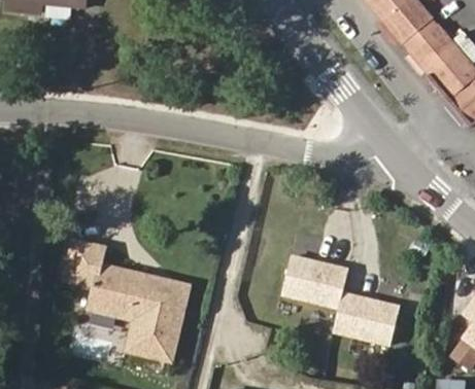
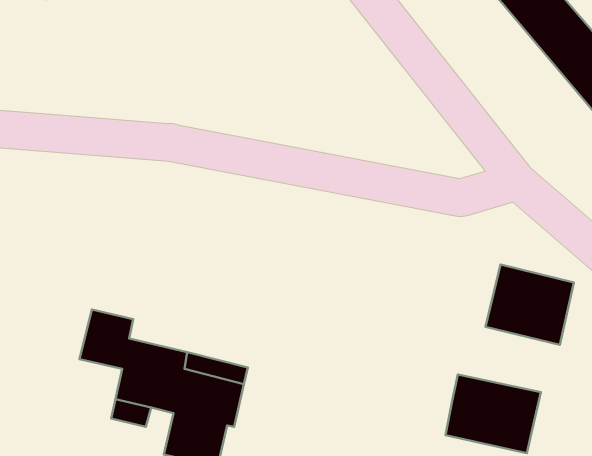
building: [286,250,352,310] -> [485,265,574,345]

